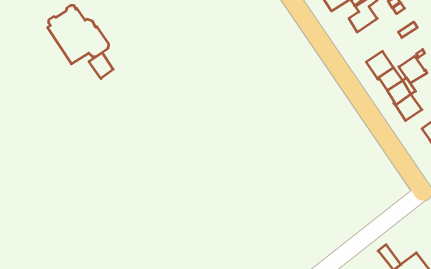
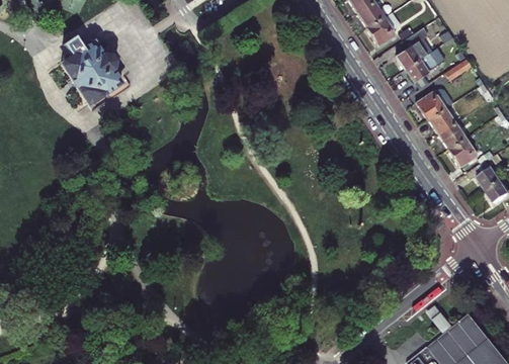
building: none -> [405,53,438,82]
building: [89,53,113,79] -> none
building: [399,56,427,83] -> none

